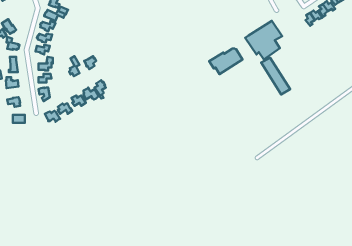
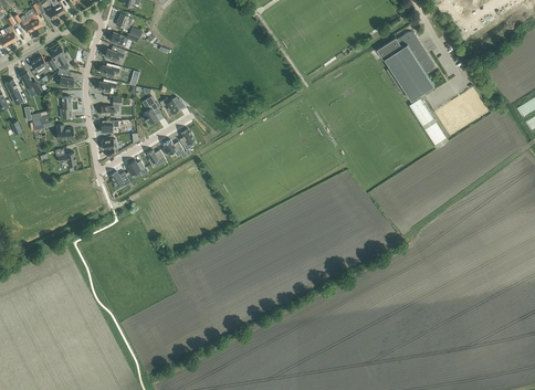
building: [209,48,243,74] -> [376,31,422,66]

